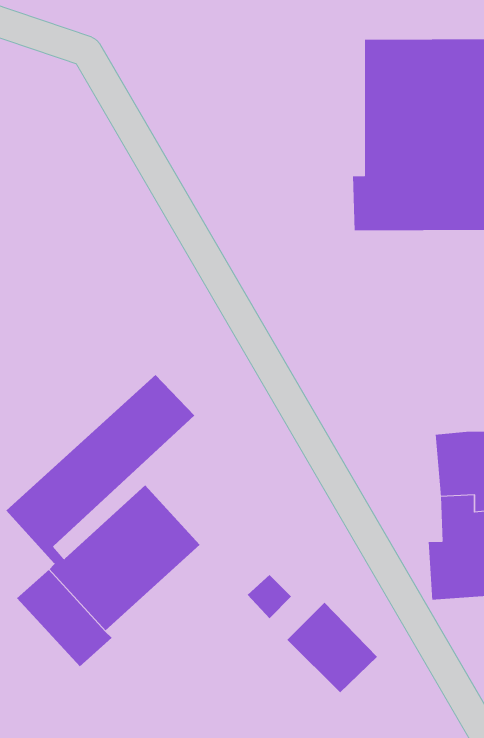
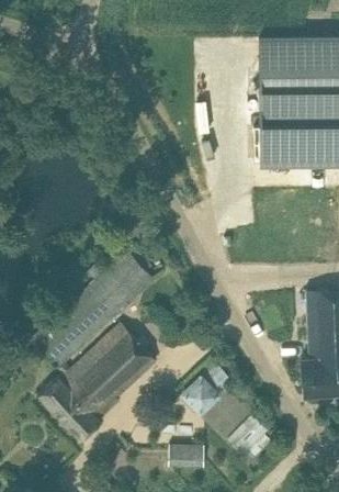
building: none -> [169,444,205,467]

